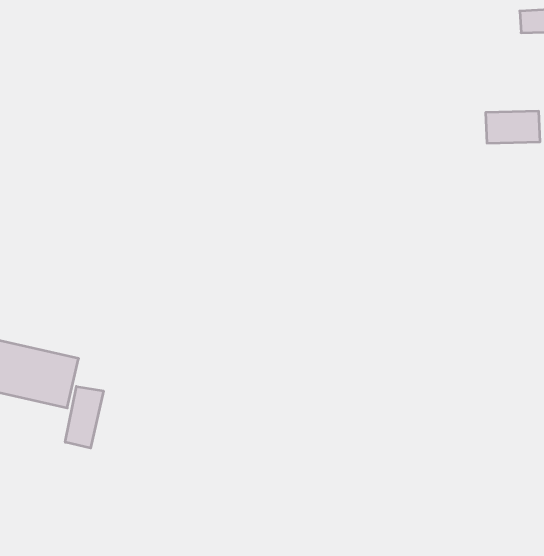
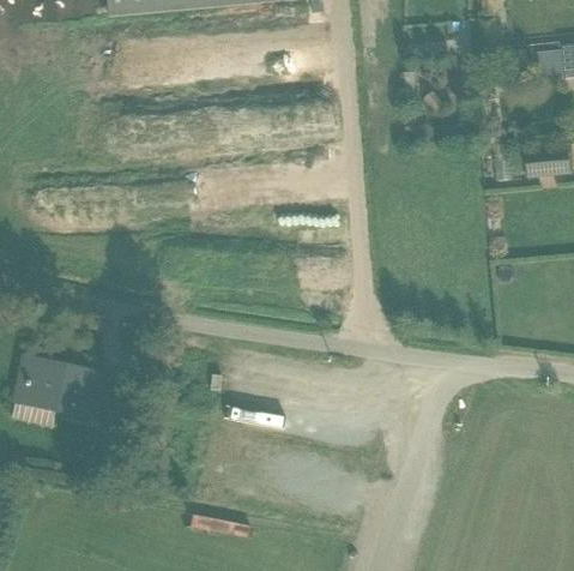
building: [65,386,103,448] -> none

